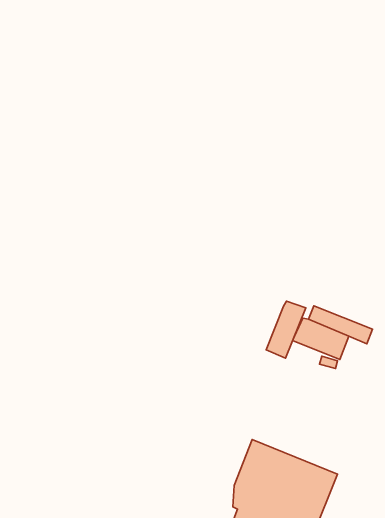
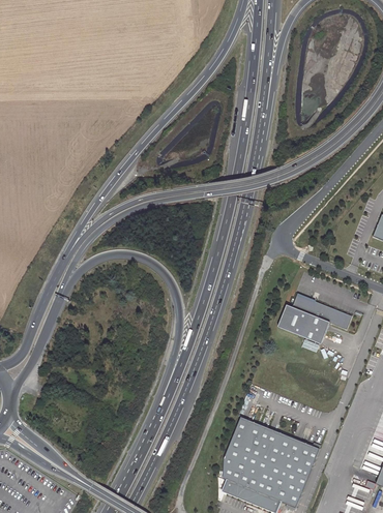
building: [266,301,306,358] -> none

